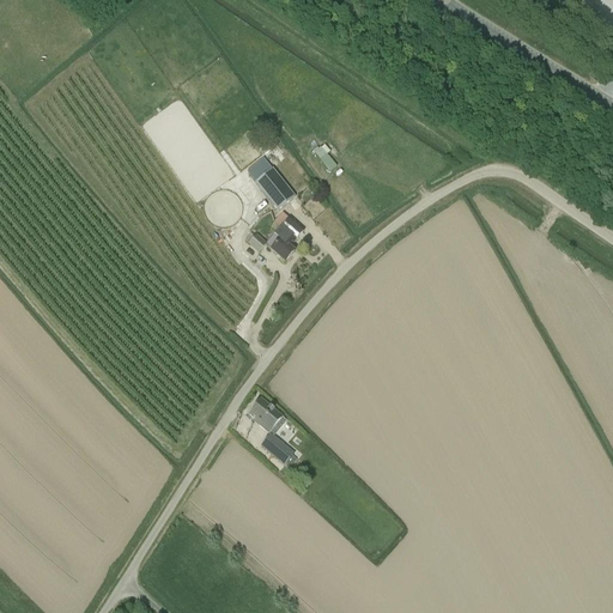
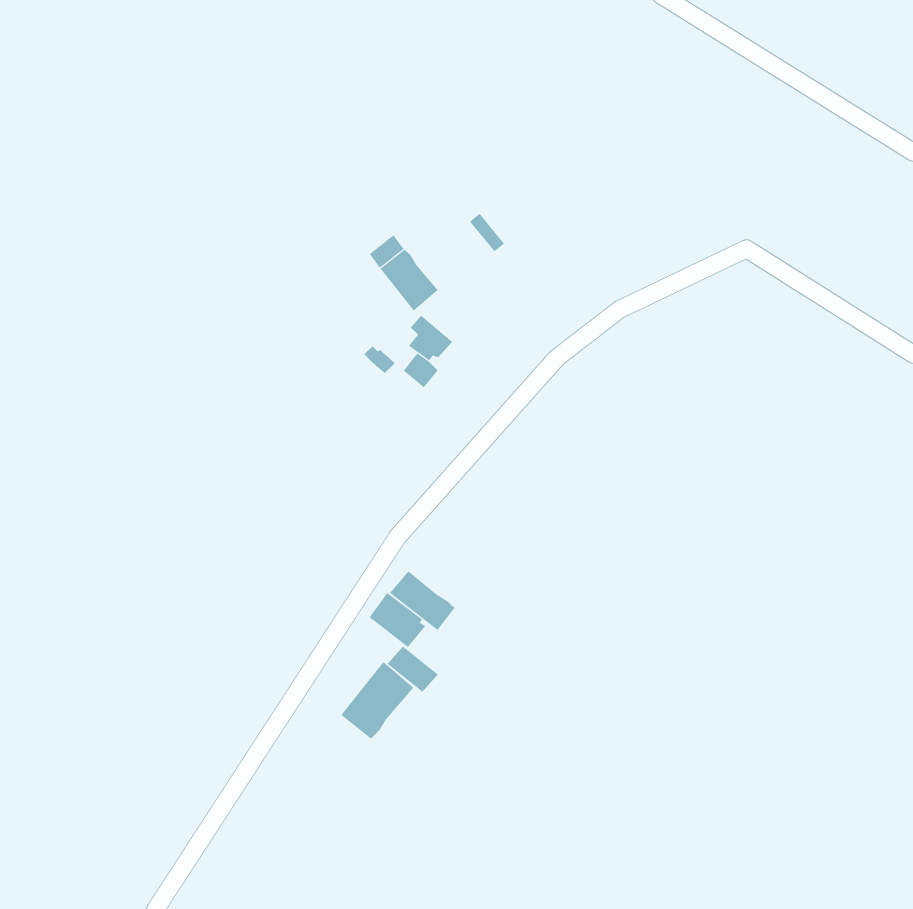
building: none -> [389,570,455,631]
building: none -> [340,661,414,739]

